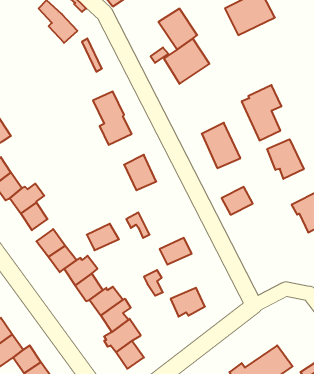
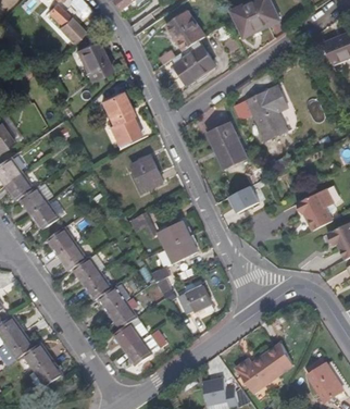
building: none -> [76,44,104,79]
building: [267,139,304,179] -> none
building: [87,224,119,250] -> [159,221,190,247]

